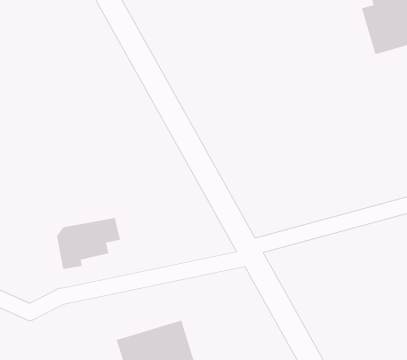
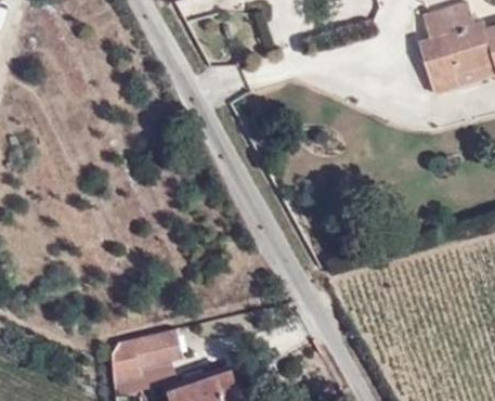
building: [56,217,121,269] -> [110,331,177,384]

